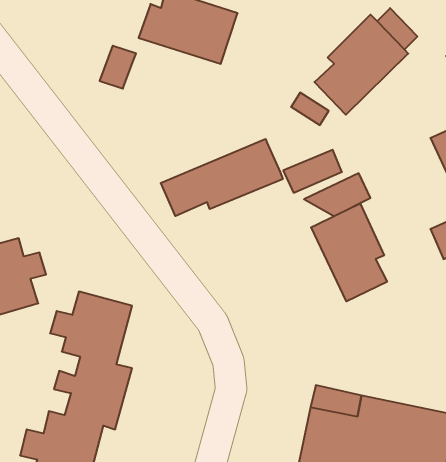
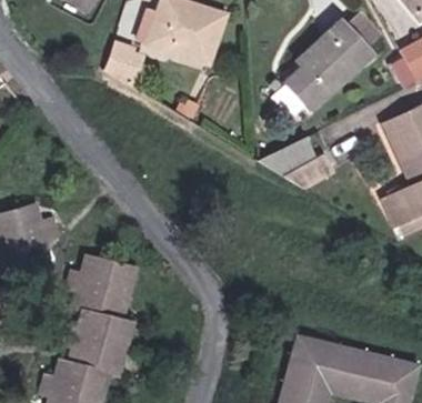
building: [161,139,283,216] -> none
building: [311,204,387,301] -> none

